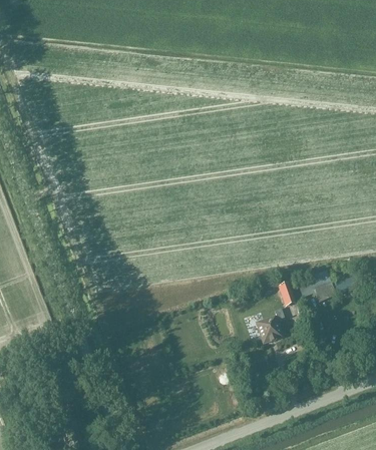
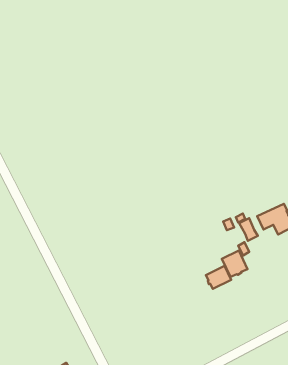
building: none -> [206,266,231,289]

